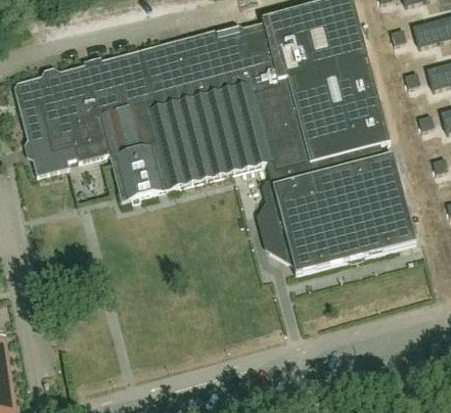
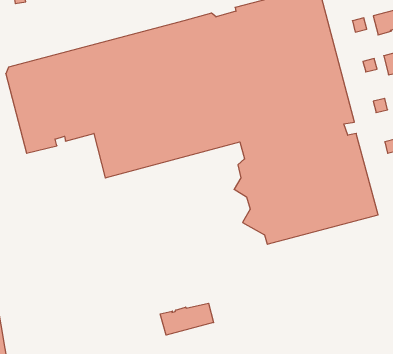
building: none -> [160,303,214,335]

